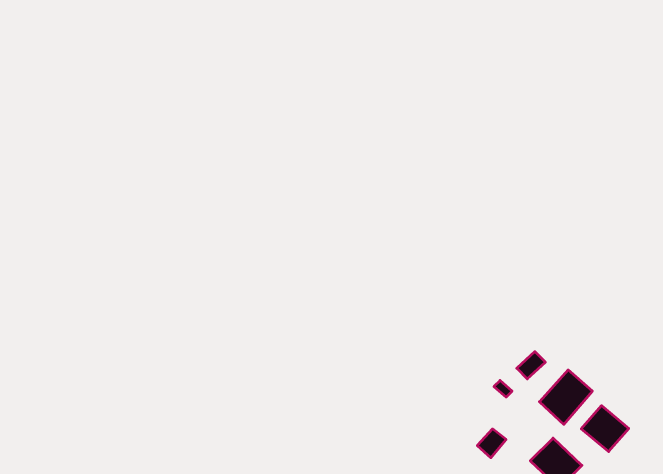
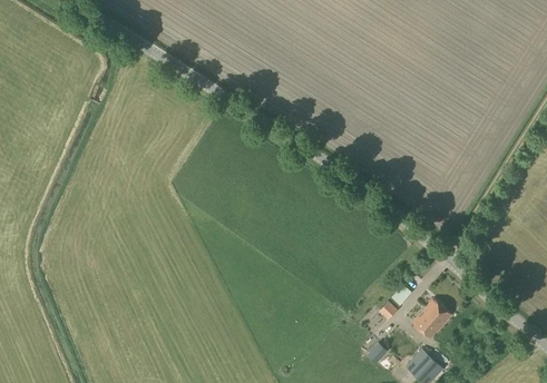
building: [581,406,629,452] -> none

